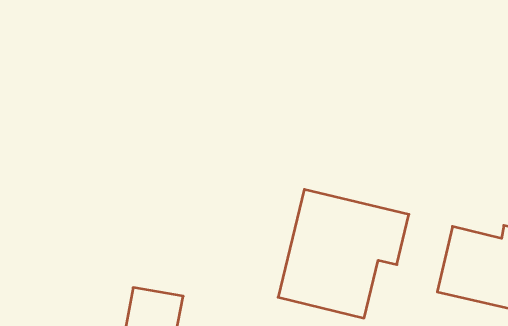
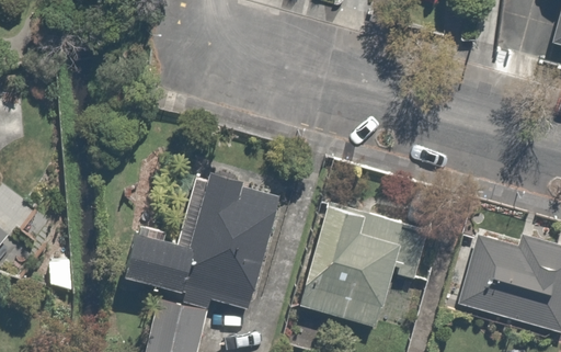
building: none -> [129,169,276,304]

